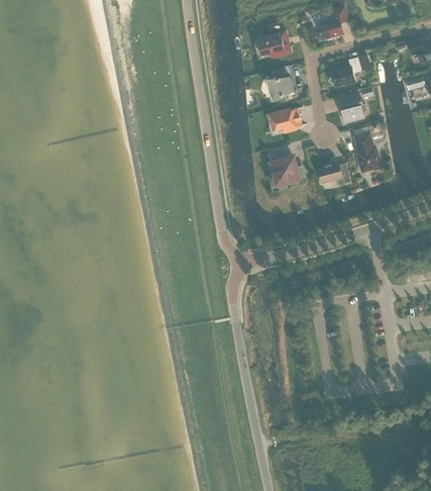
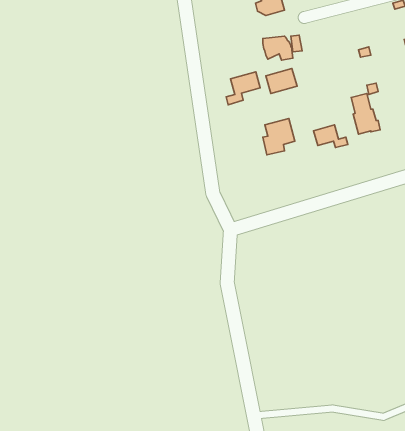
building: [330,53,369,86] -> none
building: [340,91,363,122] -> none
building: none -> [226,72,260,105]

